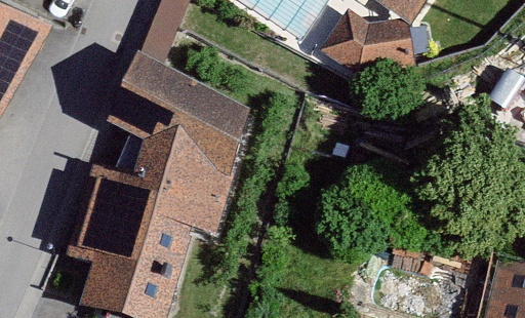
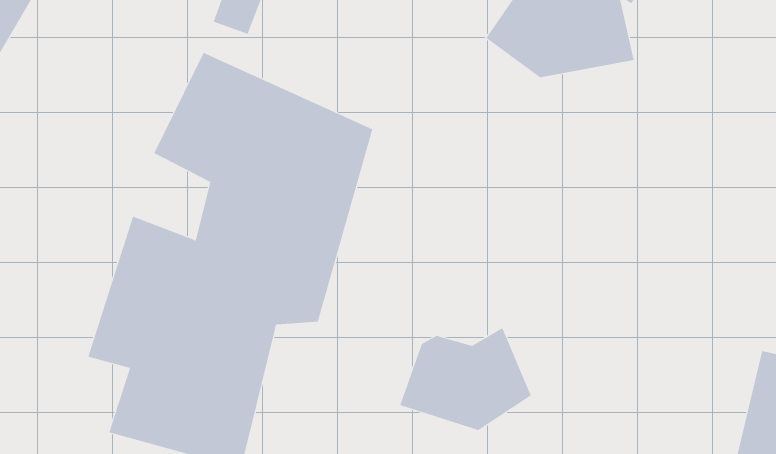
building: none -> [399,327,532,431]

